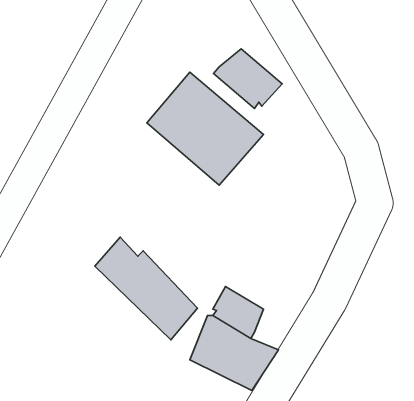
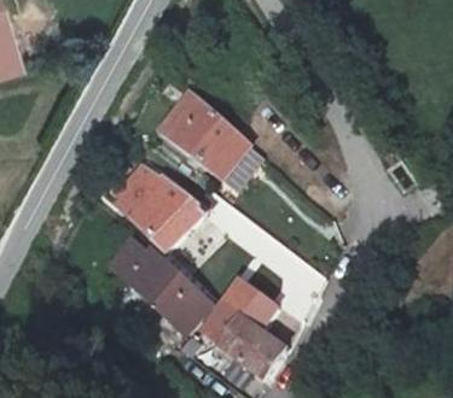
building: [214,49,282,108] -> none
building: none -> [128,156,202,250]

